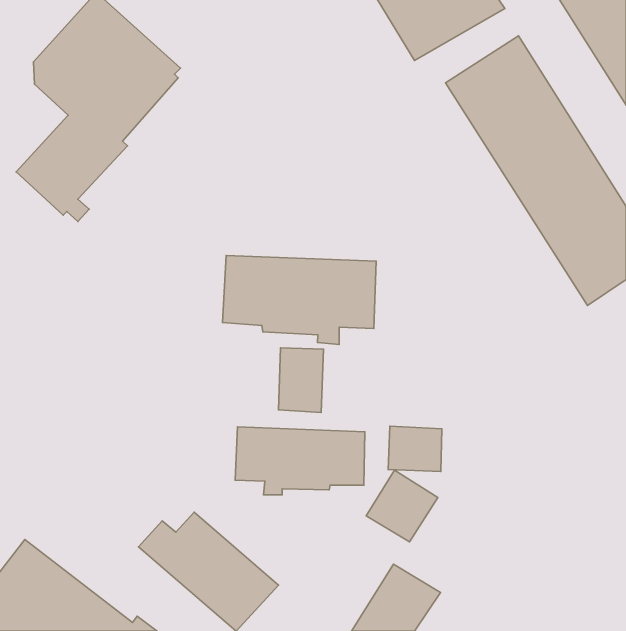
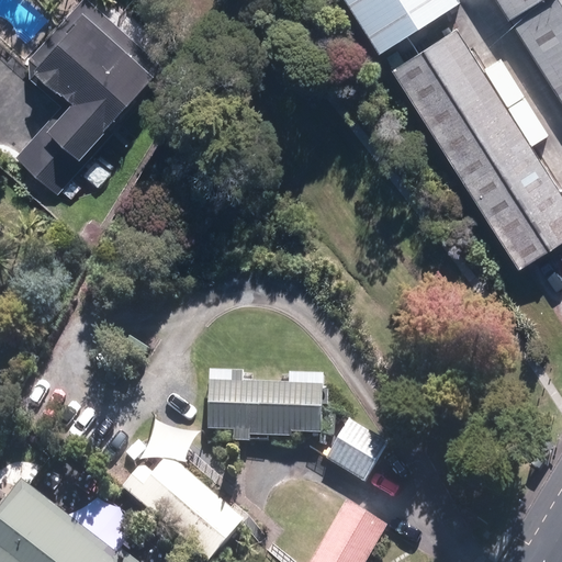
building: [222,255,376,344] -> none
building: [279,348,324,412] -> none
building: [388,426,442,471] -> none

